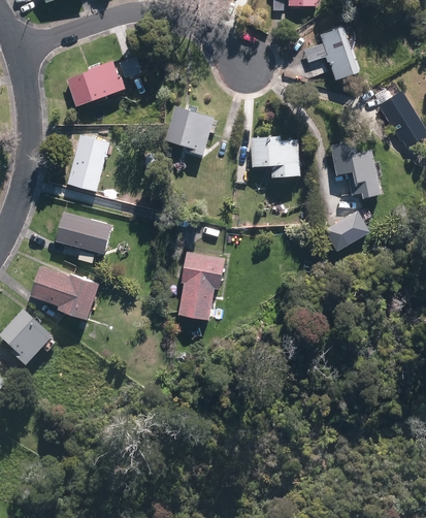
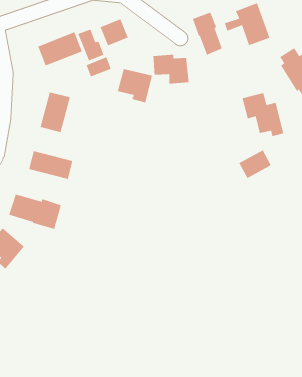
building: none -> [192,12,223,56]
building: none -> [100,18,129,46]
building: none -> [85,56,112,78]
building: [252,137,299,176] -> [152,54,189,84]
building: [176,254,221,319] -> none

